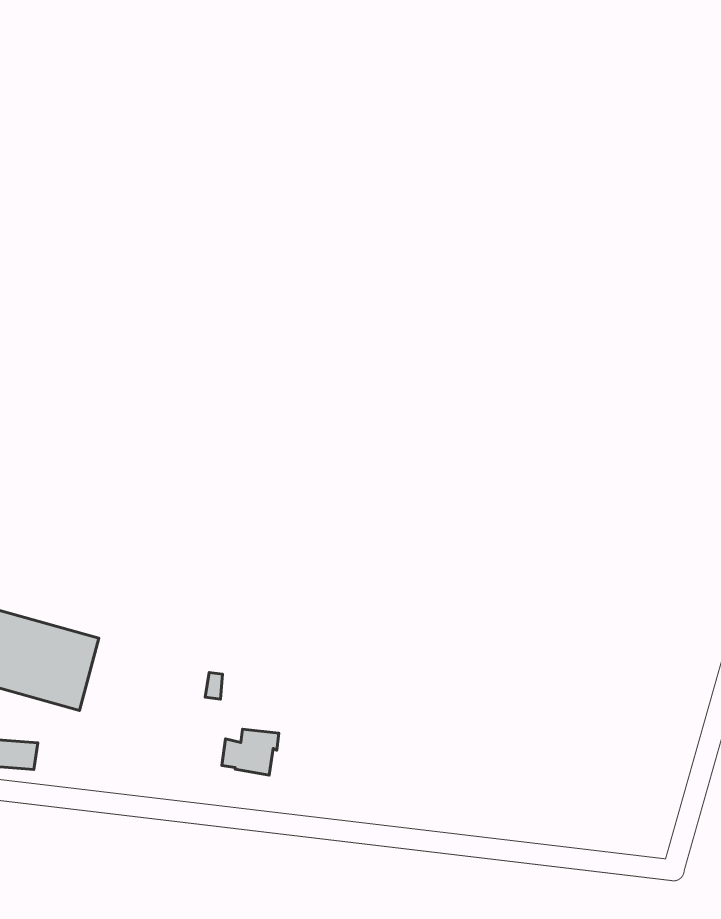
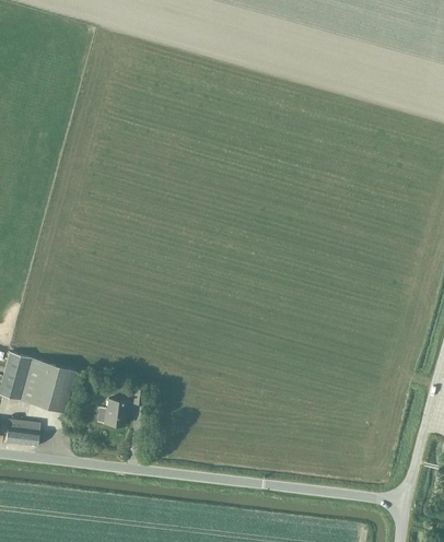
building: [222,729,279,775] -> [96,401,129,427]

